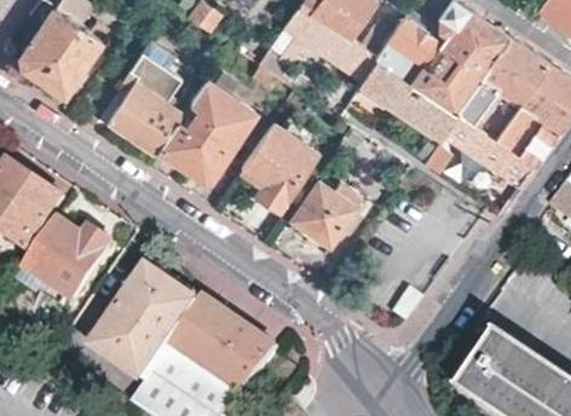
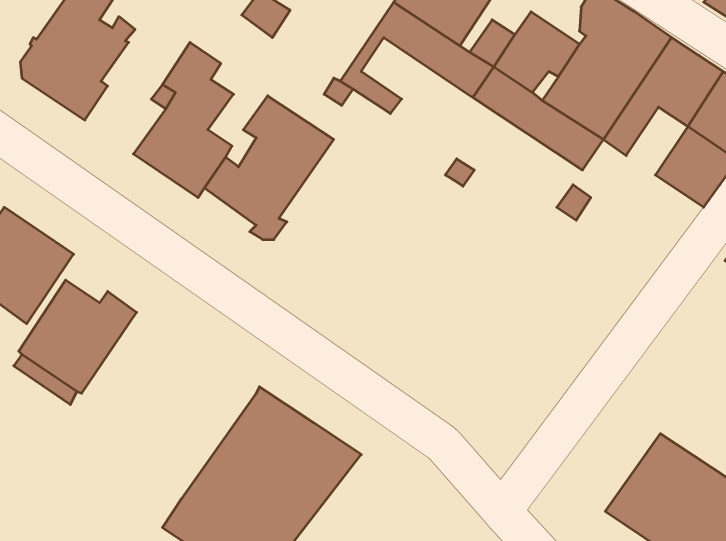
building: [243,110,327,208] -> none
building: [444,111,535,185] -> none
building: [294,180,363,243] -> none
building: [94,267,200,380] -> none

